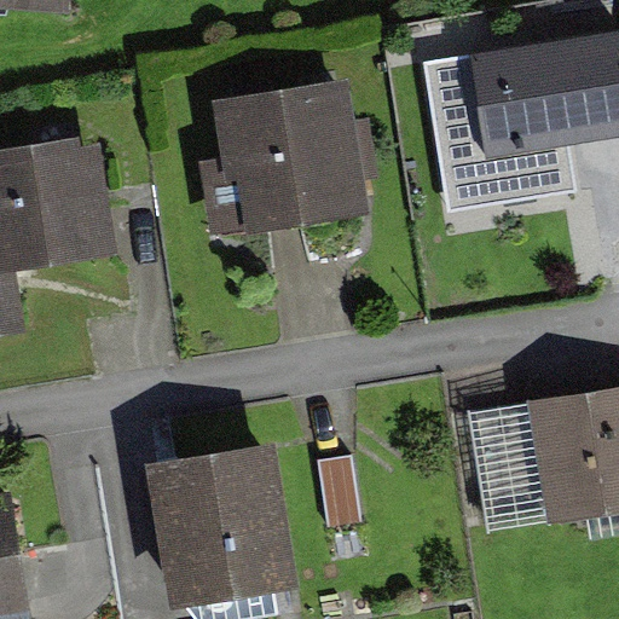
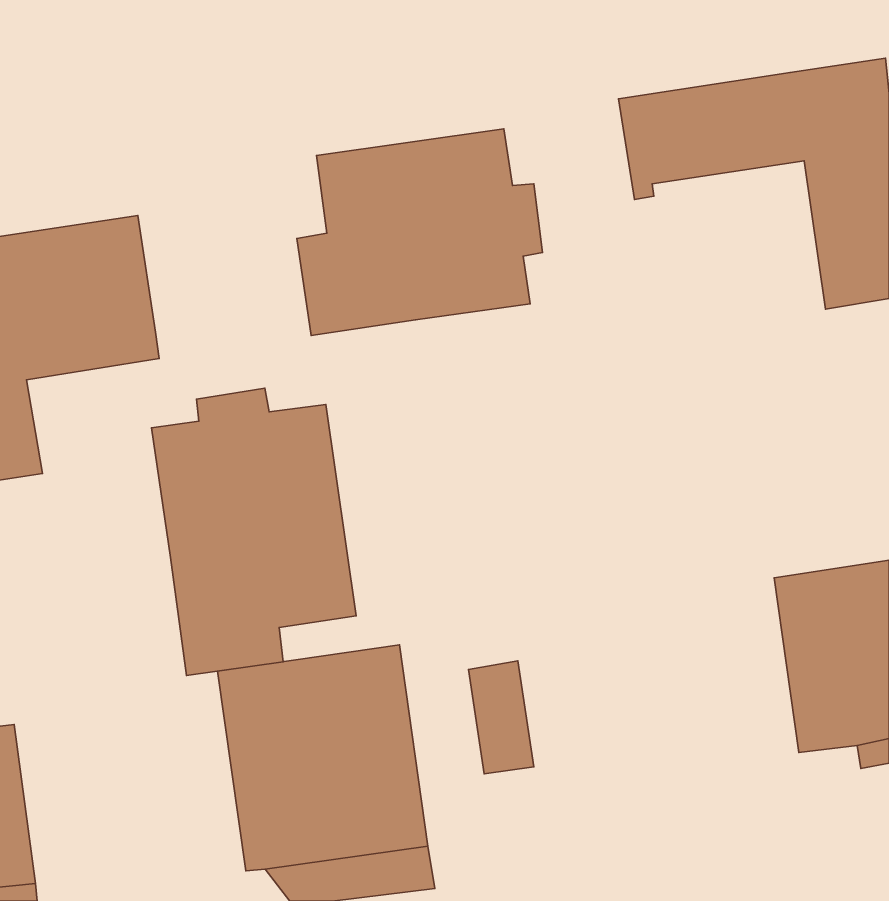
building: [446,110,565,227] -> none
building: none -> [151,388,356,675]
building: [470,395,546,523] -> none

